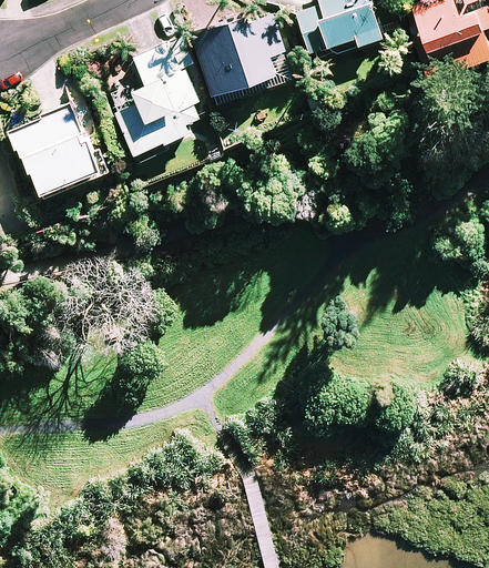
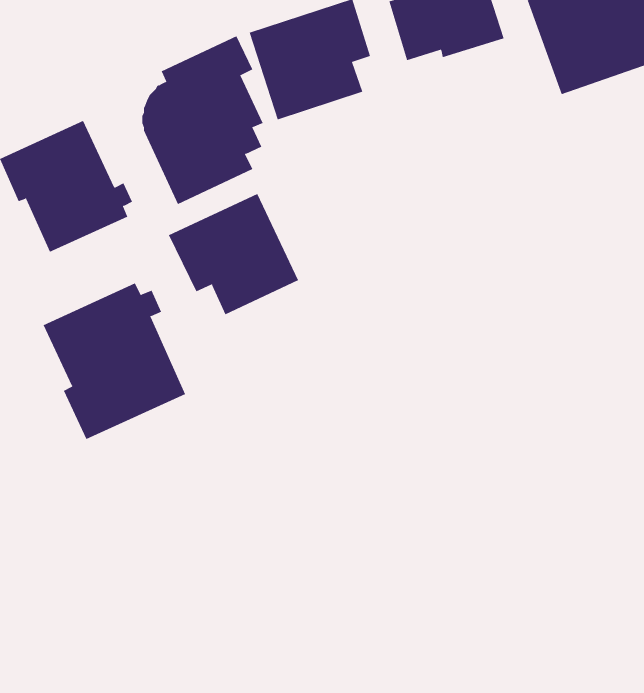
building: none -> [168,193,299,315]
building: none -> [43,283,186,440]

